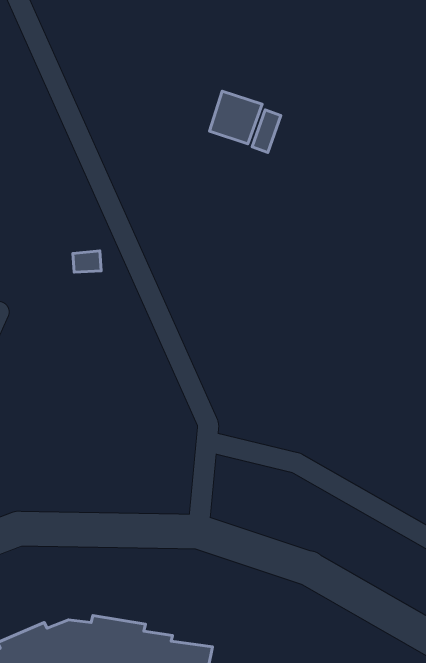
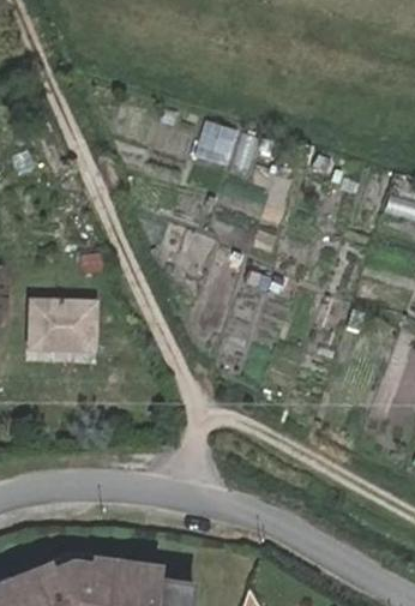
building: none -> [29,299,94,349]

